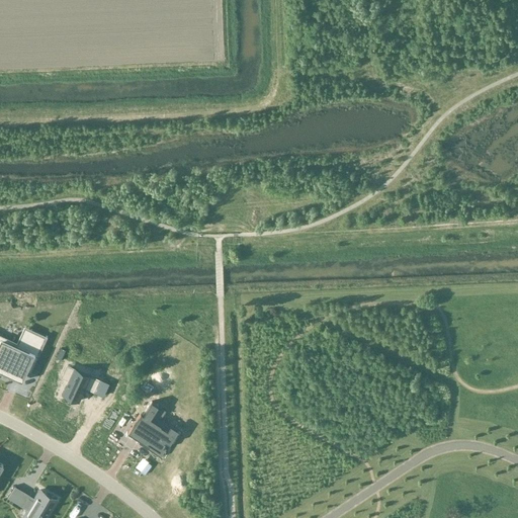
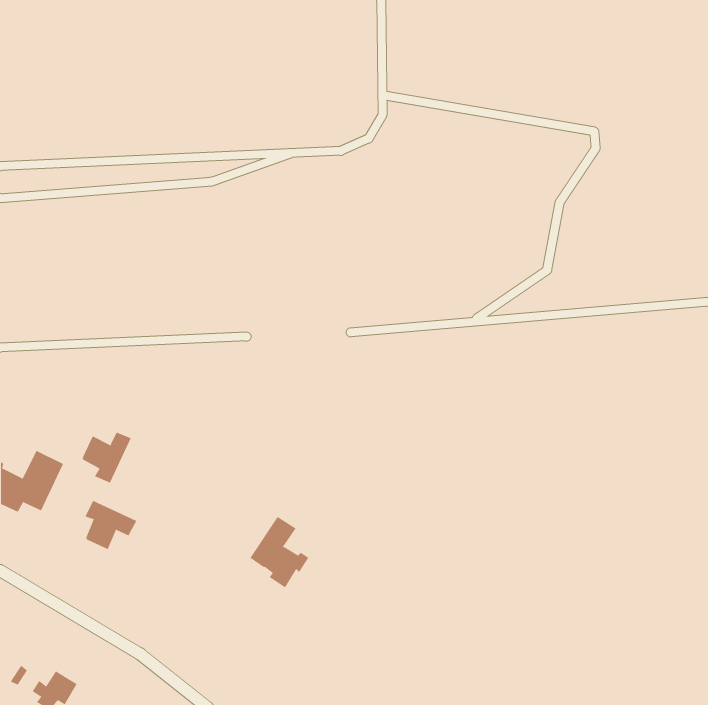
building: none -> [80,432,132,484]
building: [132,403,175,455] -> [249,516,309,588]

